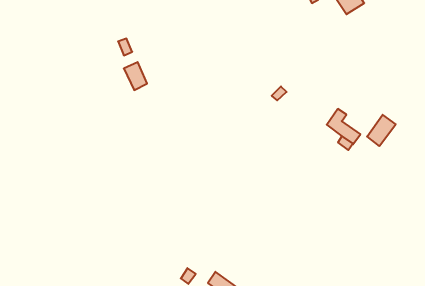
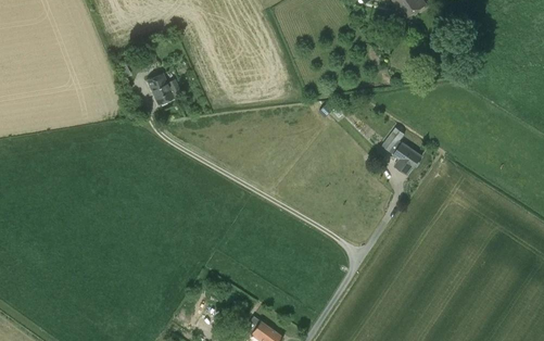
building: [367,115,396,146] -> none

